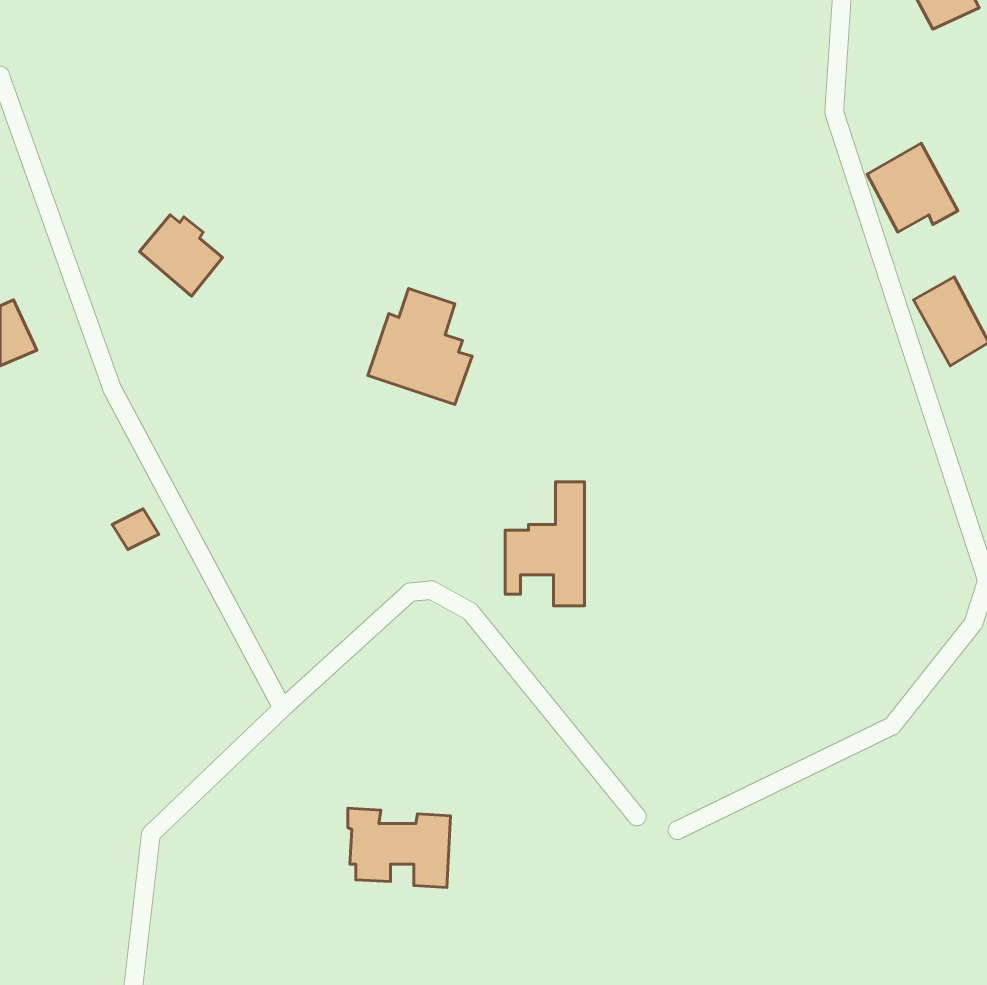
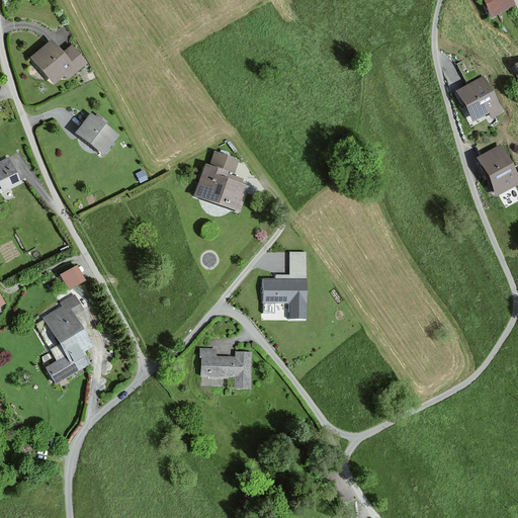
building: none -> [30,39,85,83]
building: none -> [41,294,92,382]
building: [348,808,451,887] -> [198,347,252,388]

